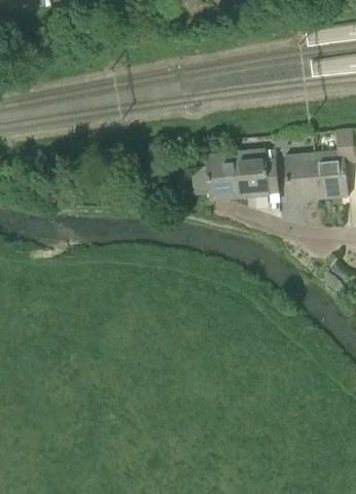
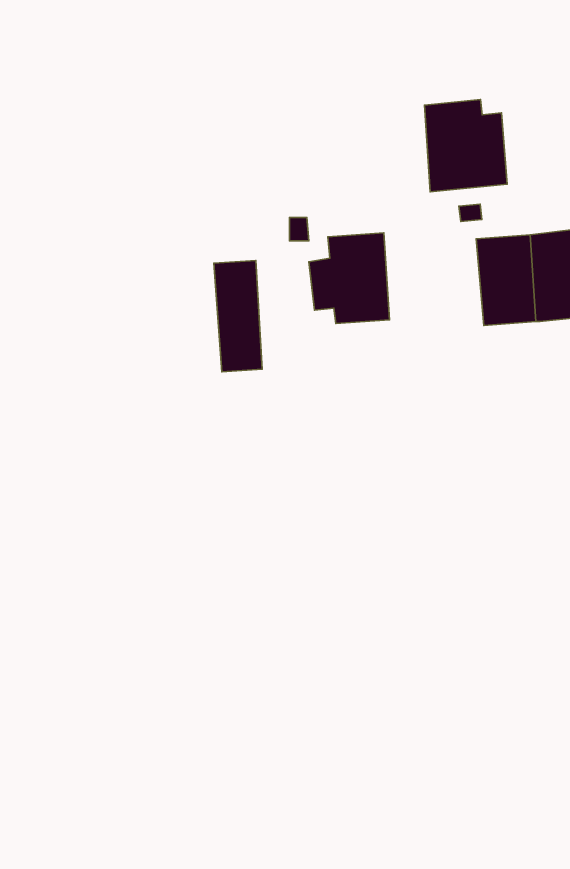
building: [236,148,280,198] -> [425,99,507,192]
building: none -> [214,260,262,372]

